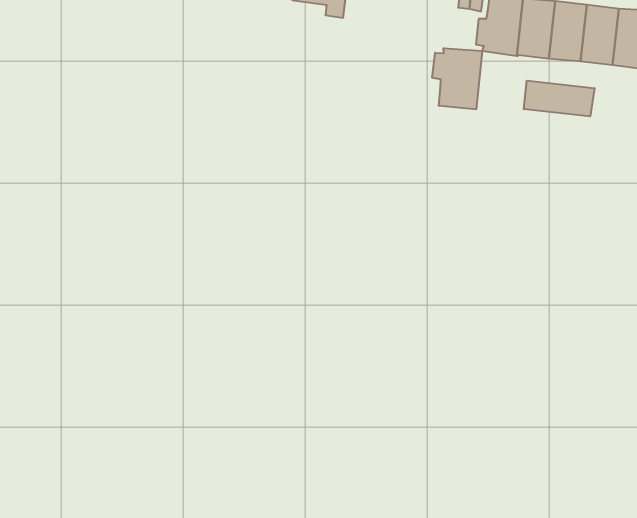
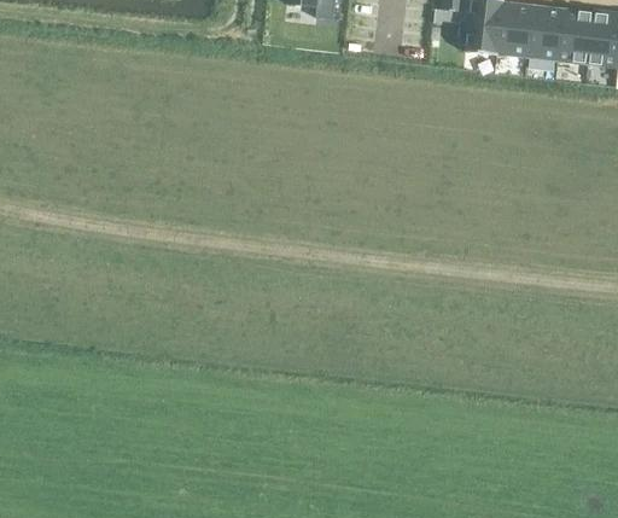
building: [432,48,482,109] -> none
building: [524,81,594,116] -> none

